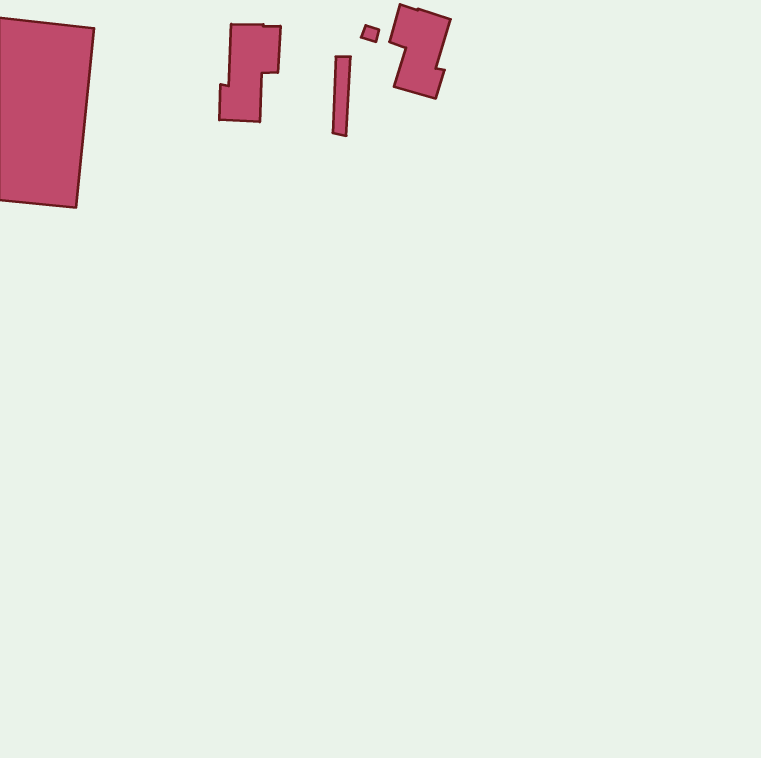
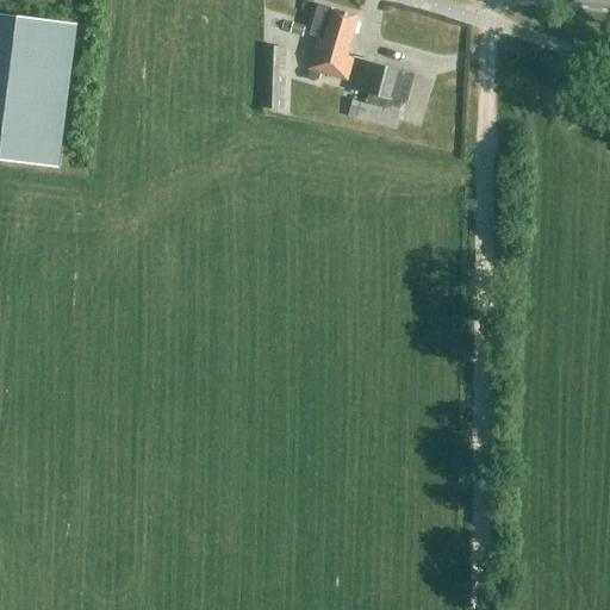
building: [219,24,280,122] -> none
building: none -> [348,58,416,129]

